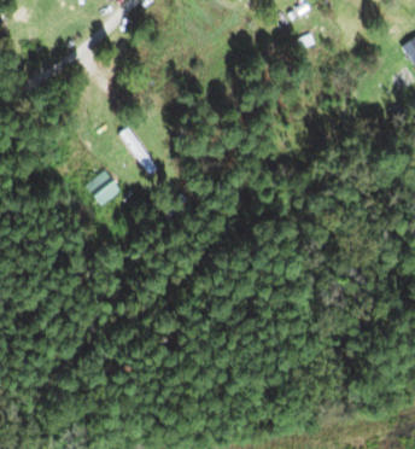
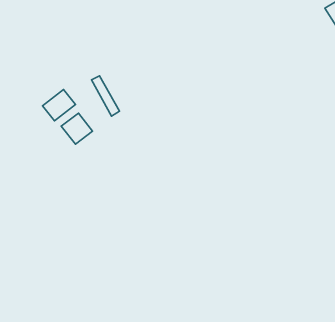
building: none -> [43,90,75,121]

